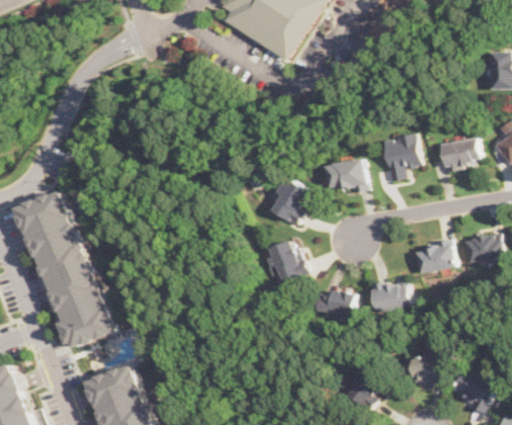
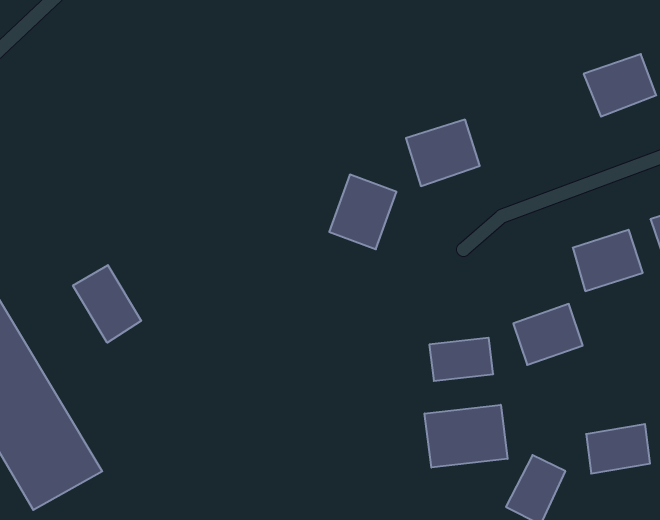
building: [383,134,420,180] -> none
building: none -> [73,265,141,343]
building: [266,239,308,283] -> none
building: none -> [425,405,508,468]

